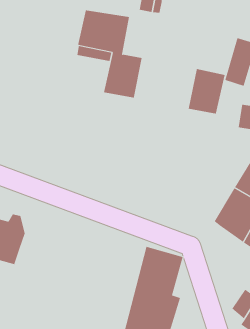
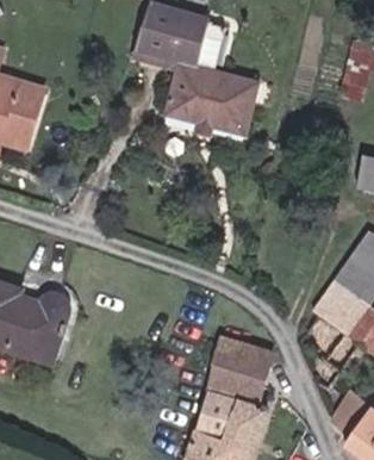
building: [188,69,225,114] -> [208,81,258,142]

